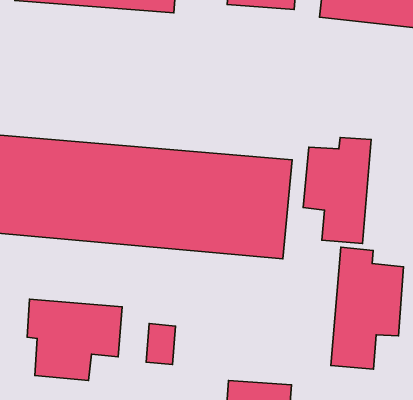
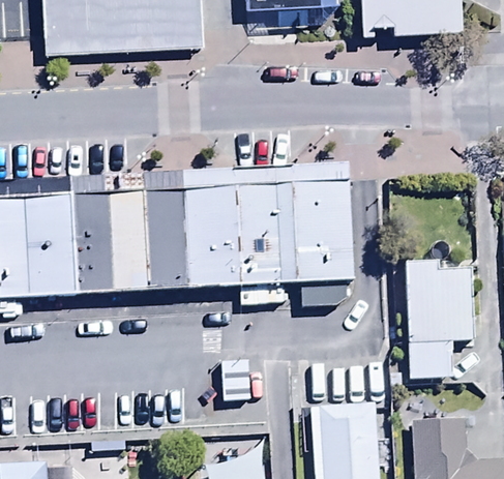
building: [303,137,371,244] -> none
building: [27,299,122,380] -> none

